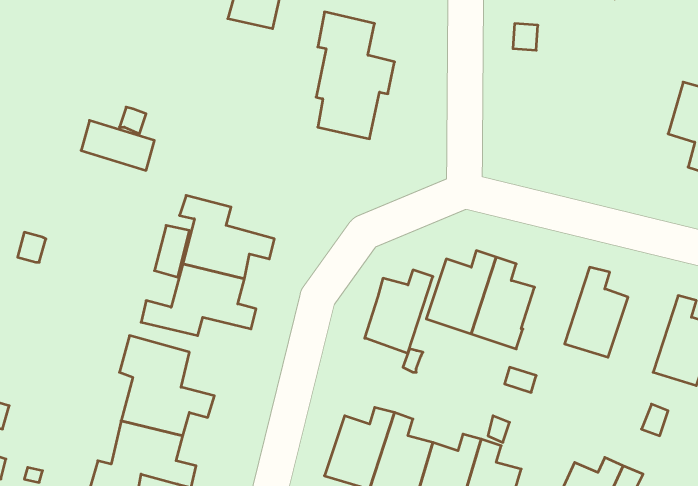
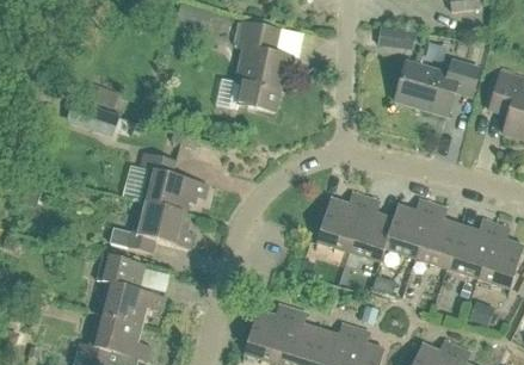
building: none -> [395,60,480,115]
building: [365,270,433,353] -> [384,198,433,258]
building: none -> [446,218,497,278]

